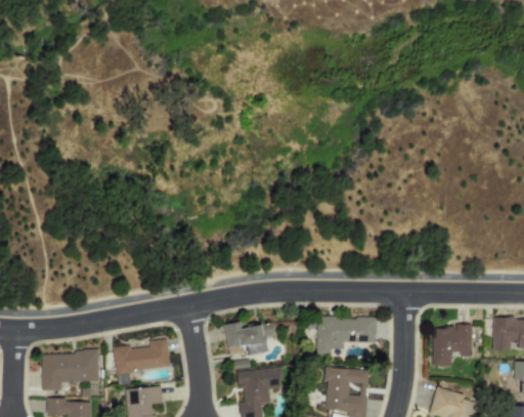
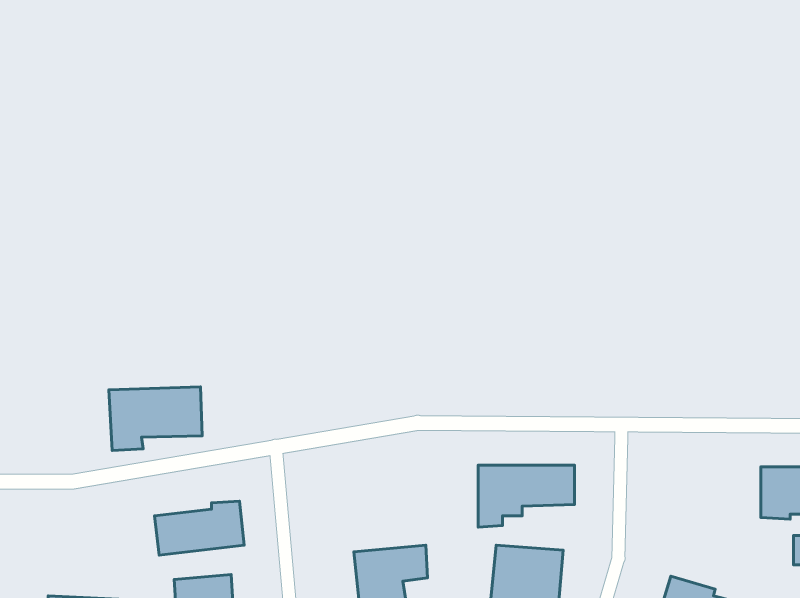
building: [224,322,276,356] -> none
building: [432,325,472,367] -> none
building: [41,351,99,391] -> [109,387,202,450]

